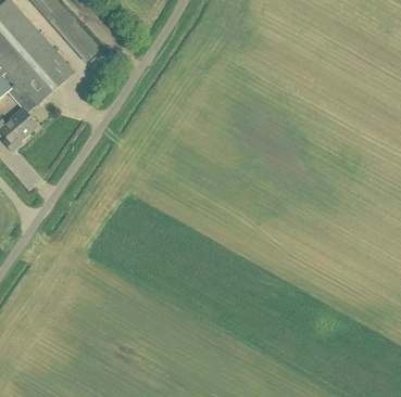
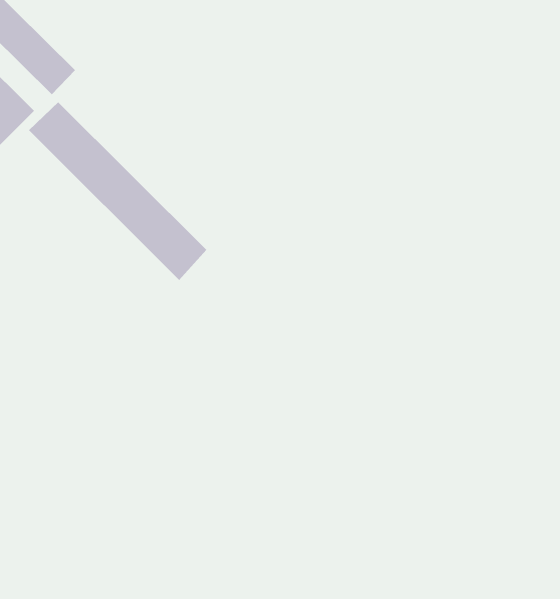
building: none -> [28,102,207,281]

